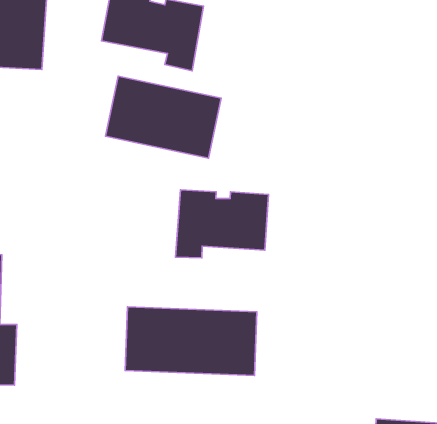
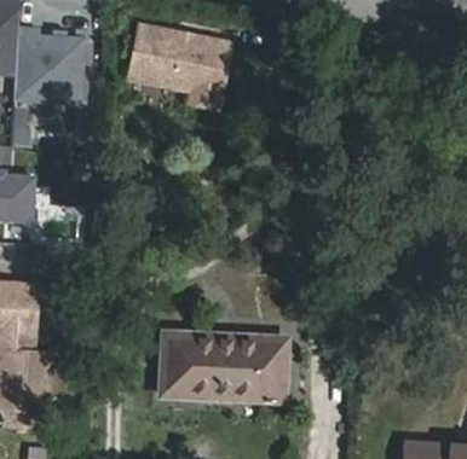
building: [105,76,221,158] -> none
building: [175,190,268,258] -> none

